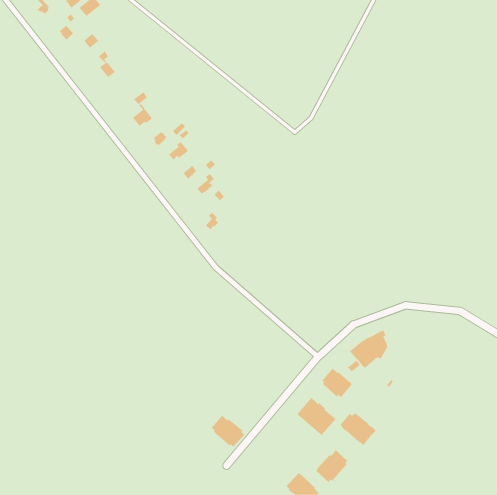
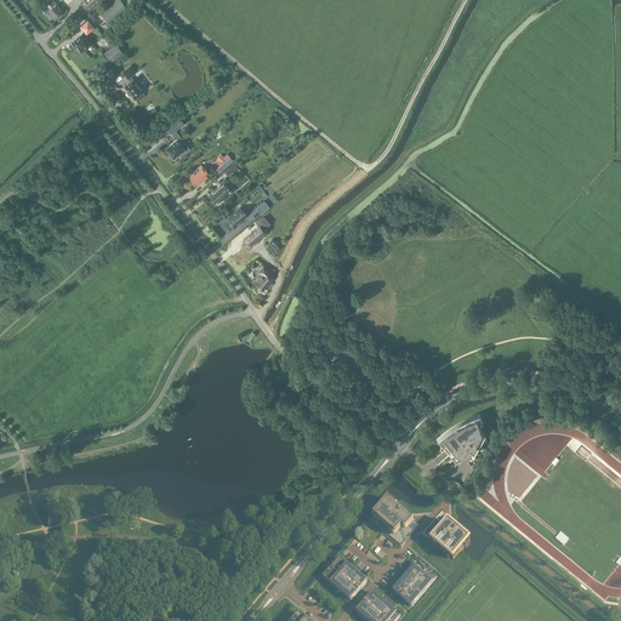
building: [321,368,353,398] -> none
building: [211,415,245,447] -> [324,556,366,596]

